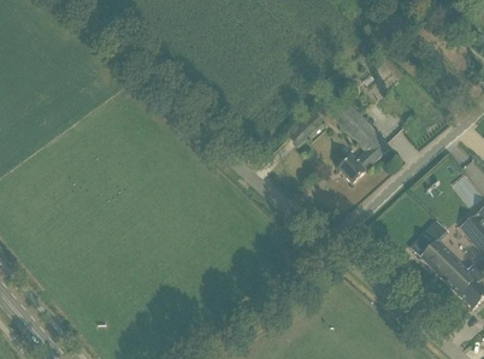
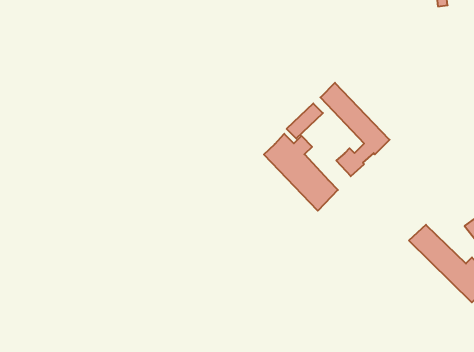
building: none -> [264,134,338,211]

